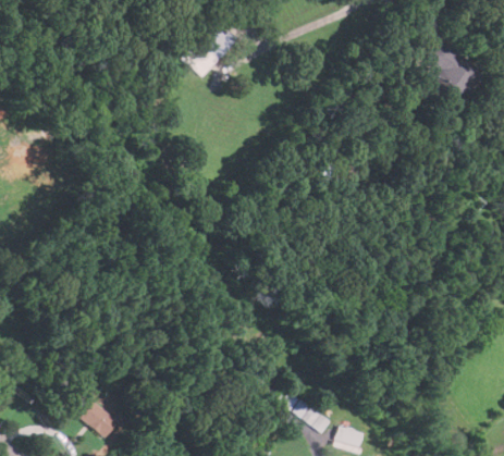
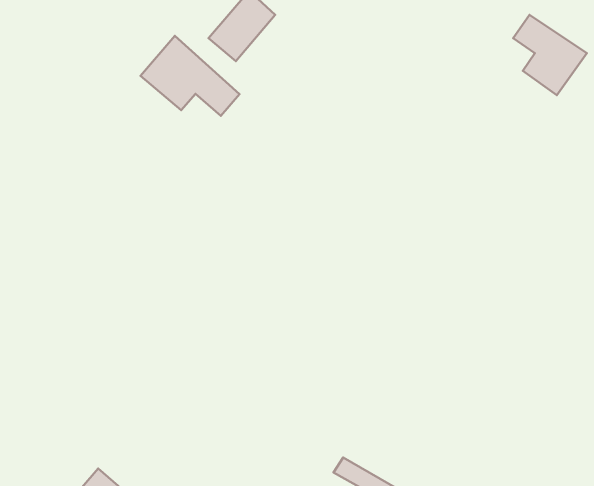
building: none -> [141,36,240,116]

